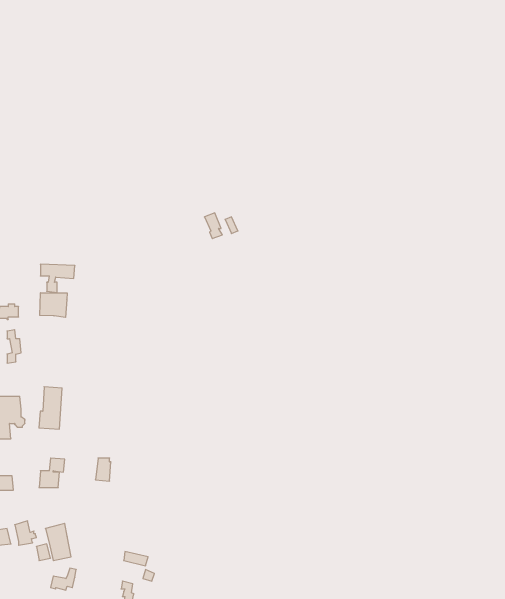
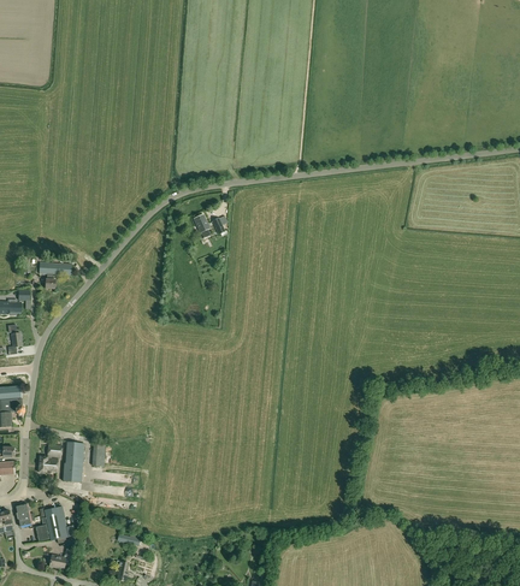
building: [40,293,67,317] -> none
building: [39,387,62,429] -> [63,442,84,481]

